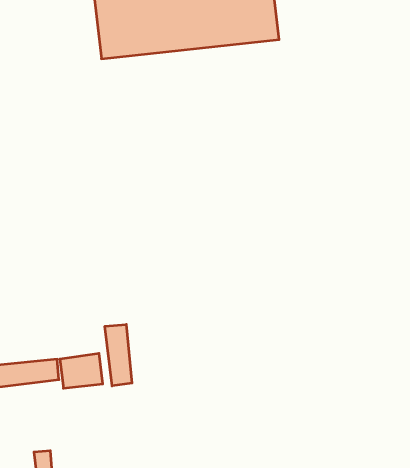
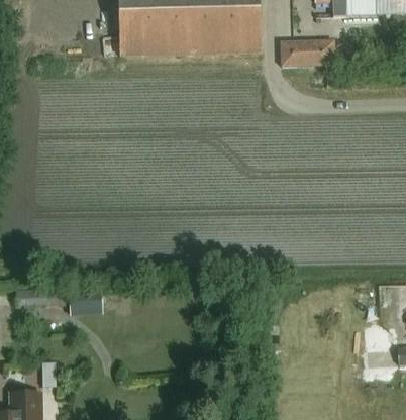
building: none -> [281,40,335,68]
building: [105,324,132,386] -> none

